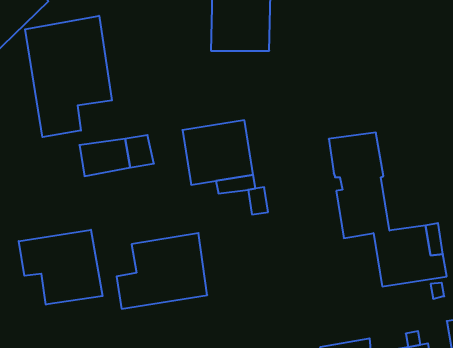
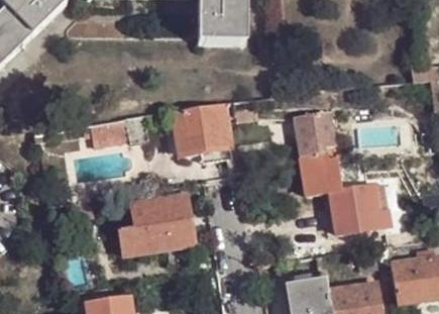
building: [25,16,112,137] -> none
building: [19,230,103,305] -> none

